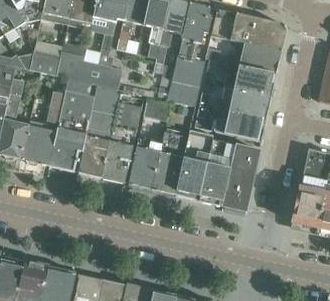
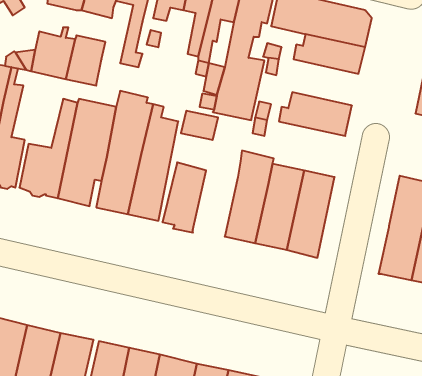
building: [78,60,153,97] -> none
building: [224,60,276,95] -> none
building: [213,107,266,142] -> none
building: [151,128,187,194] -> none

